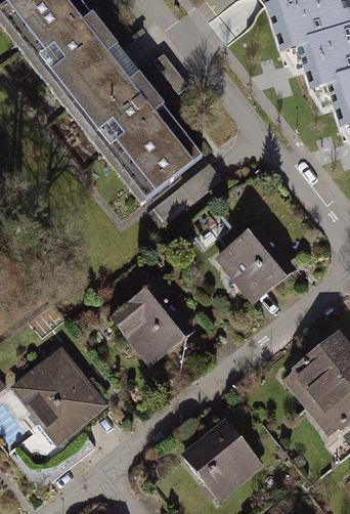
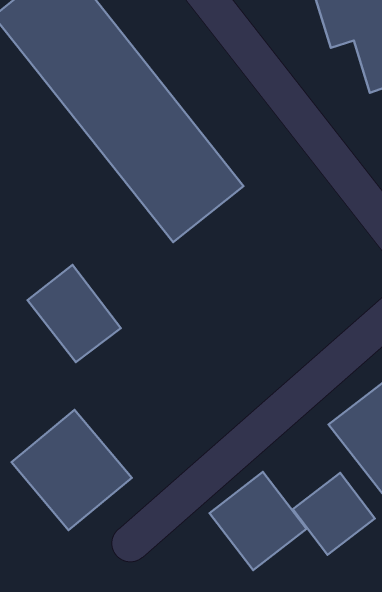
building: [221,230,301,311] -> none
building: [113,301,191,383] -> [27,265,121,362]
building: none -> [293,473,375,555]

